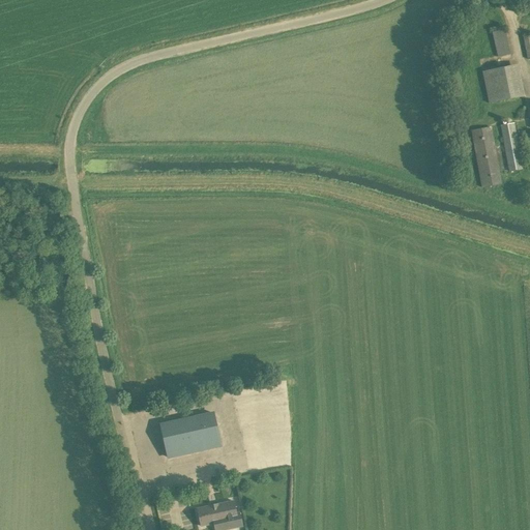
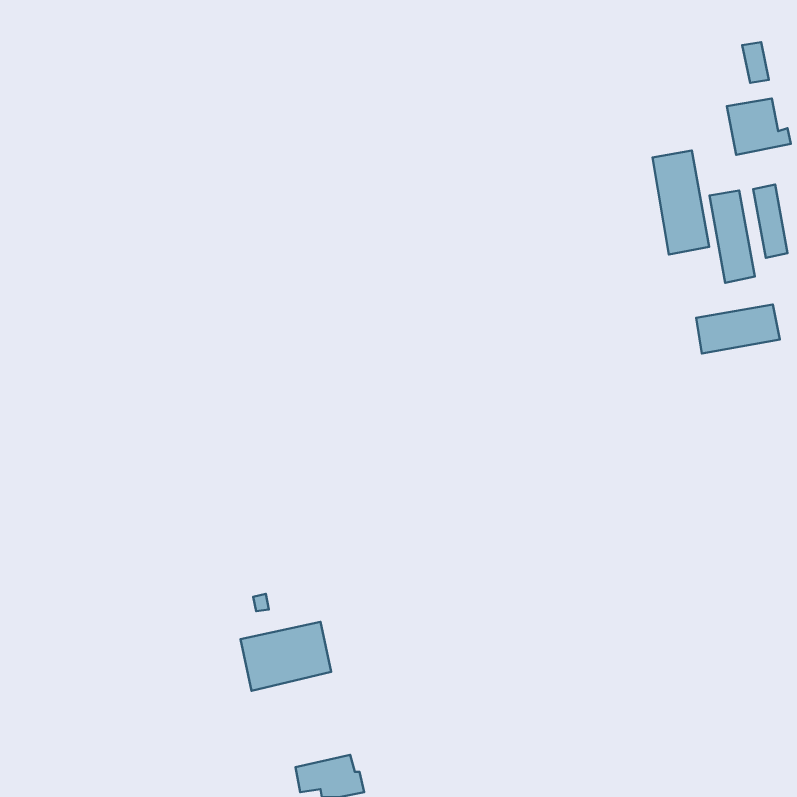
building: none -> [653,150,709,254]
building: none -> [696,304,780,353]

